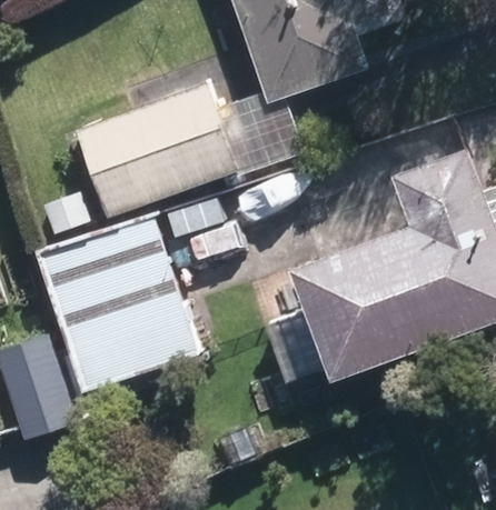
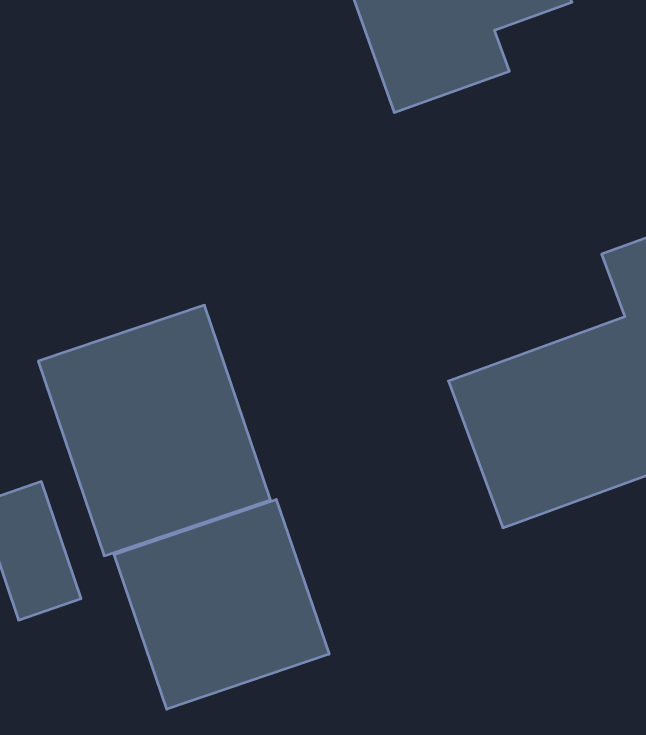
building: [79,91,227,213] -> none
building: none -> [114,499,329,709]

